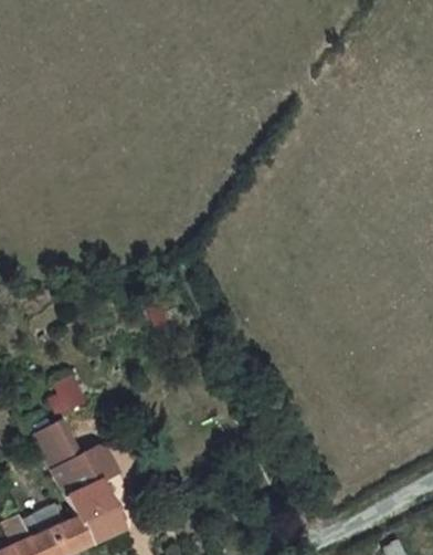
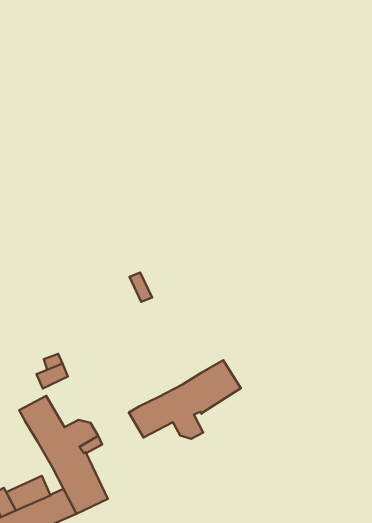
building: none -> [129,360,241,439]

